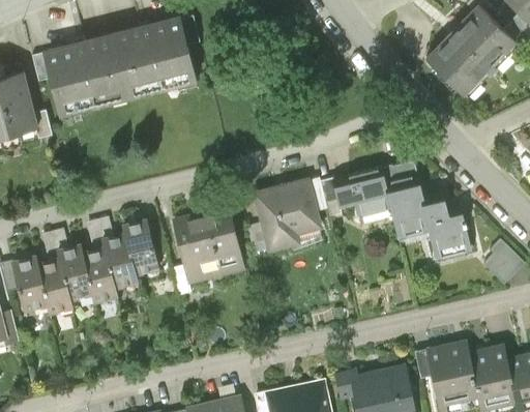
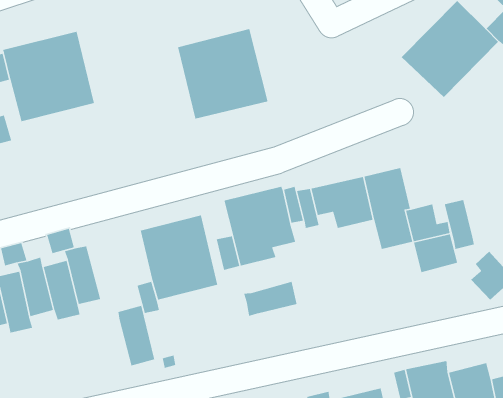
building: [116,13,202,99] -> [177,28,268,119]
building: none -> [444,199,475,250]
building: [124,218,159,276] -> [118,305,155,366]
building: none -> [243,281,297,317]

